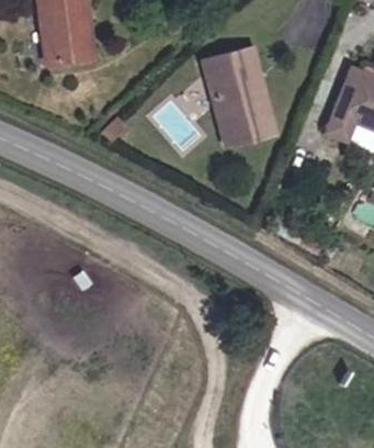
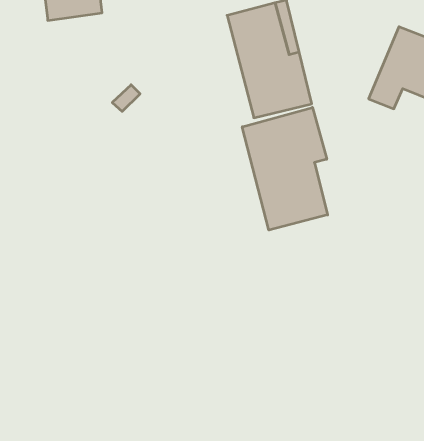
building: none -> [242,107,328,230]

